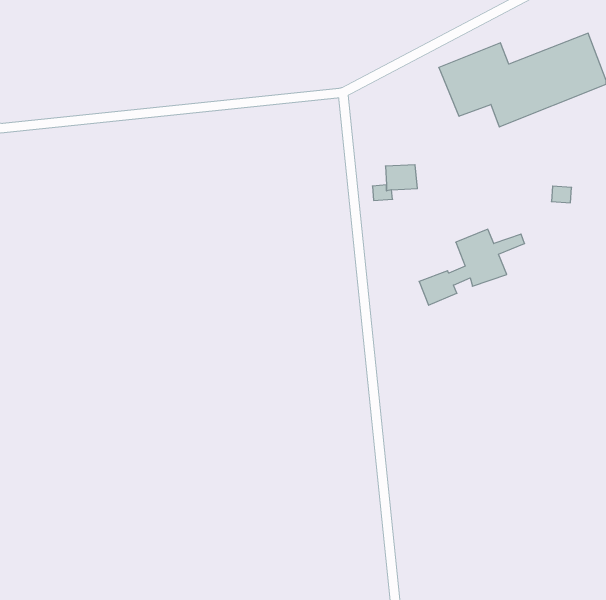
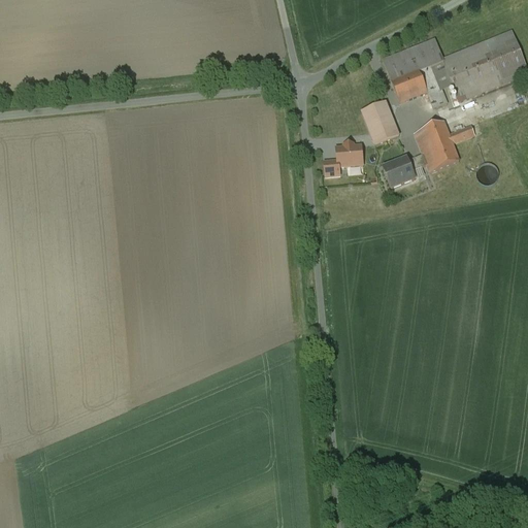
building: none -> [362,100,398,143]
building: [419,229,525,305] -> [383,121,474,187]

